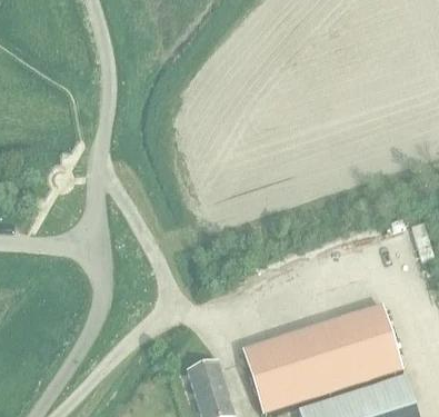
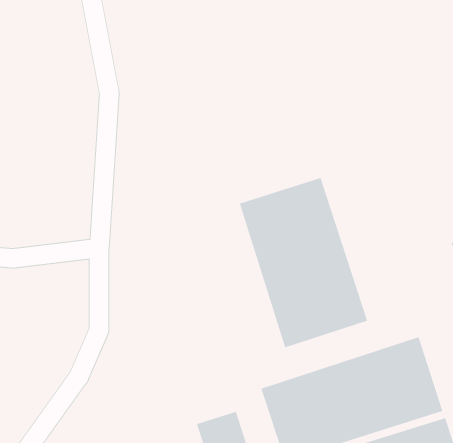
building: none -> [239,177,368,348]

